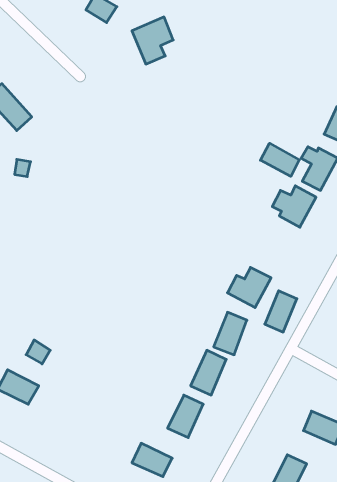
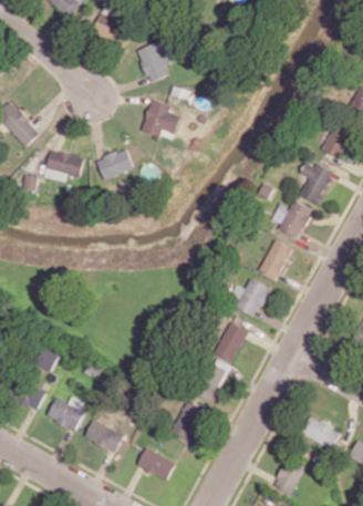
building: none -> [142,99,180,136]
building: none -> [96,148,134,179]
building: none -> [44,149,84,182]
building: [260,143,299,176] -> none
building: [265,291,297,332] -> [260,239,291,279]
building: none -> [46,397,84,431]
building: none -> [83,420,124,453]

